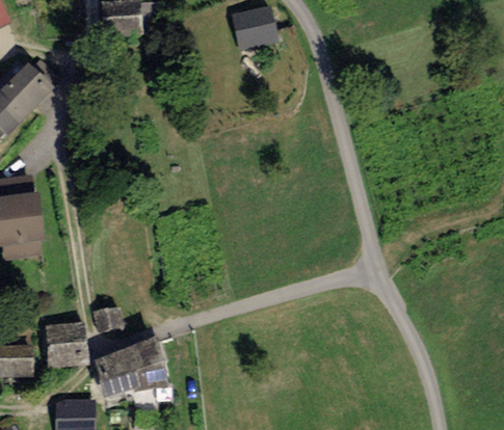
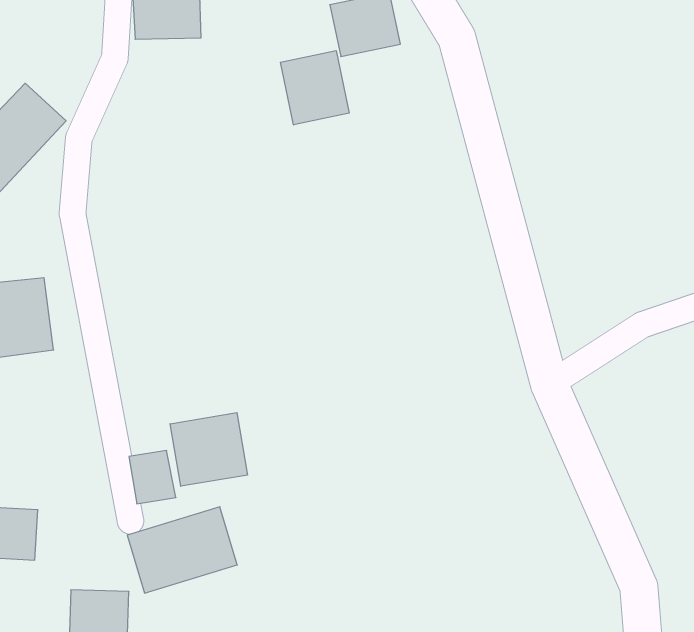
building: none -> [280,51,349,125]
building: none -> [170,413,247,486]
building: [45,322,85,368] -> none

